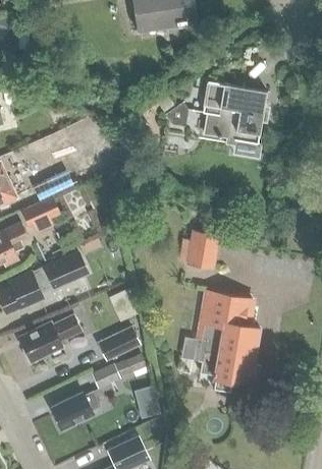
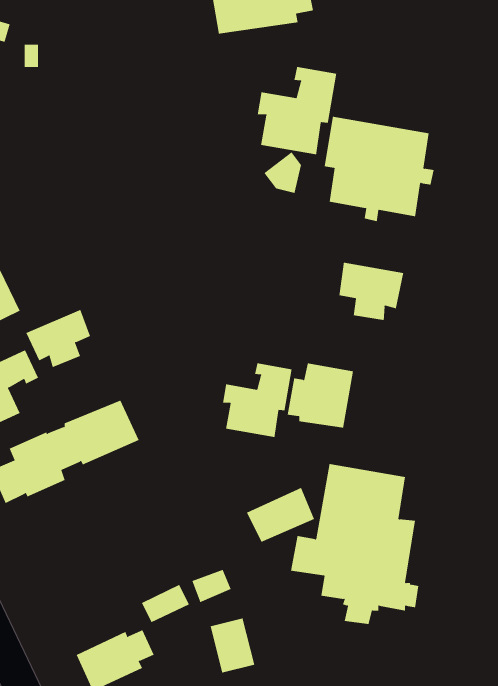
building: none -> [257,66,337,155]
building: none -> [339,262,404,321]
building: none -> [222,362,292,438]
building: [19,314,82,360] -> none
building: [101,324,143,357] -> [246,487,315,543]

